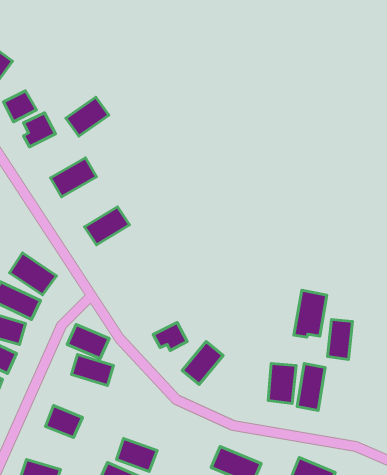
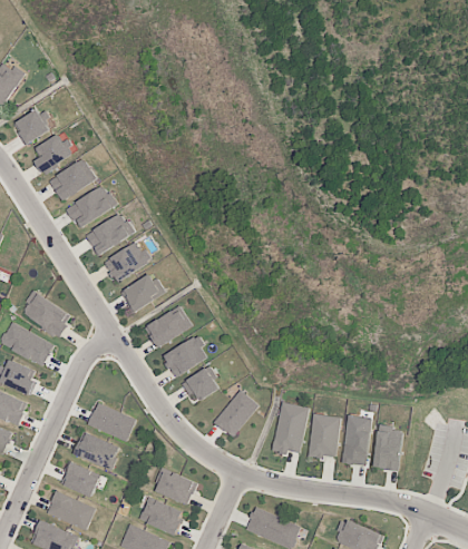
building: [66,97,109,136] -> [49,158,97,202]
building: none -> [85,214,134,255]
building: none -> [120,273,165,312]
building: none -> [145,307,192,347]
building: [294,290,327,337] -> [272,402,309,454]
building: none -> [163,335,207,378]
building: [327,319,352,359] -> [374,427,402,471]
building: [67,324,109,358] -> [74,432,120,470]
building: none -> [154,468,197,506]
building: none -> [47,491,96,530]

